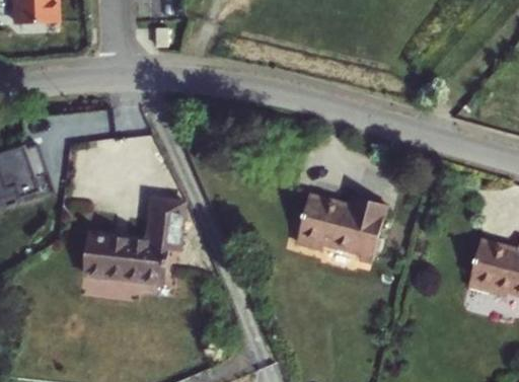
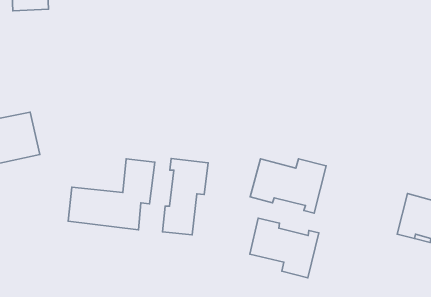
building: none -> [162,158,208,235]
building: none -> [250,218,319,278]

